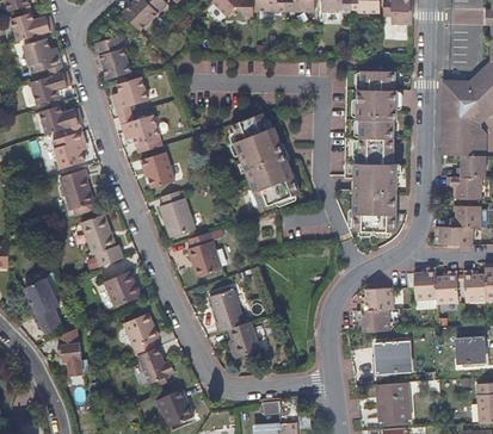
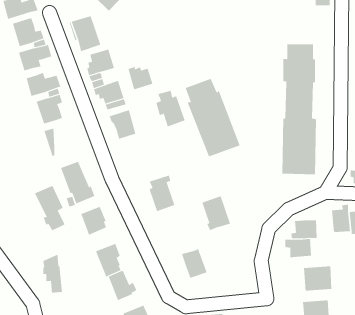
building: none -> [128,66,153,90]
building: [73,169,93,207] -> none
building: [159,192,196,237] -> [155,90,186,127]
building: [23,278,61,334] -> [34,185,65,231]
building: [209,289,245,331] -> [202,196,231,231]

